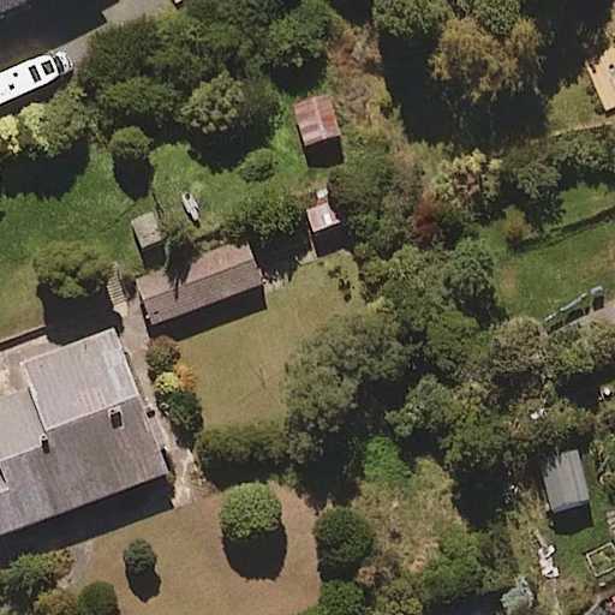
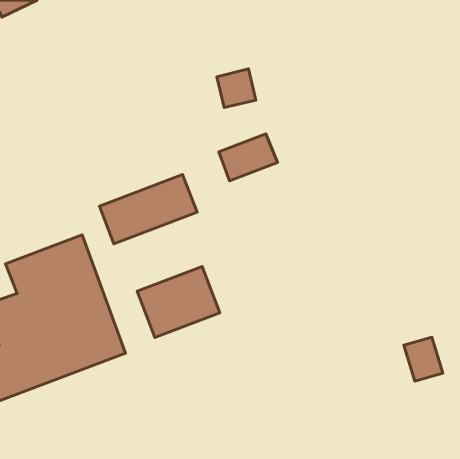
building: none -> [137,266,220,337]

